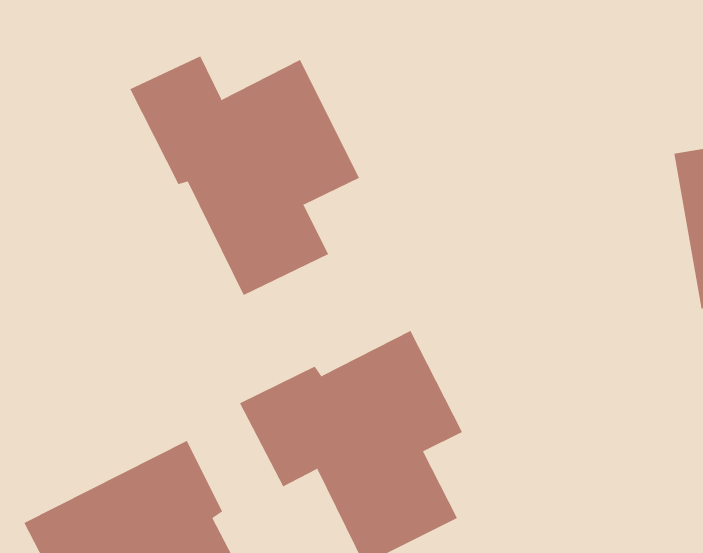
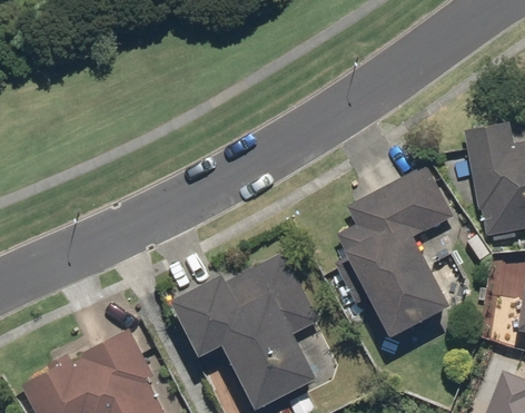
building: [129,55,360,296] -> none
building: none -> [334,164,455,338]

